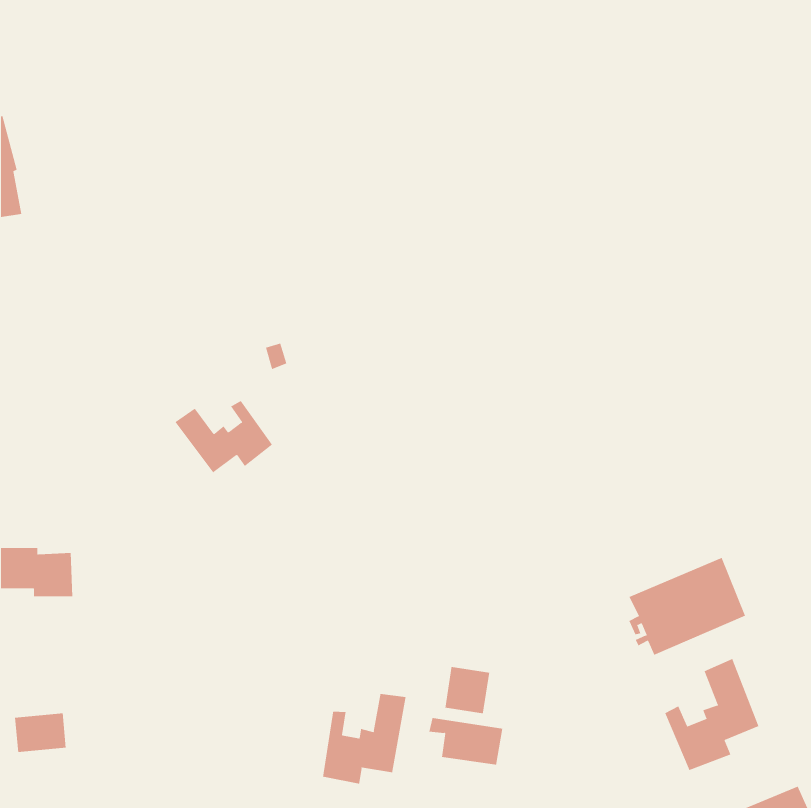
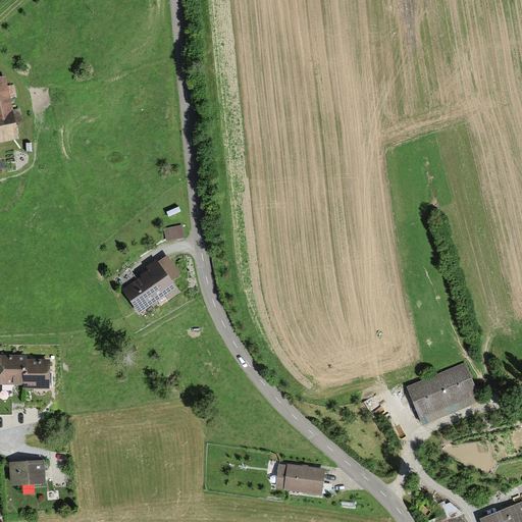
building: [665,658,759,771] -> none
building: [445,666,490,714] -> none
building: [322,693,406,785] -> none

